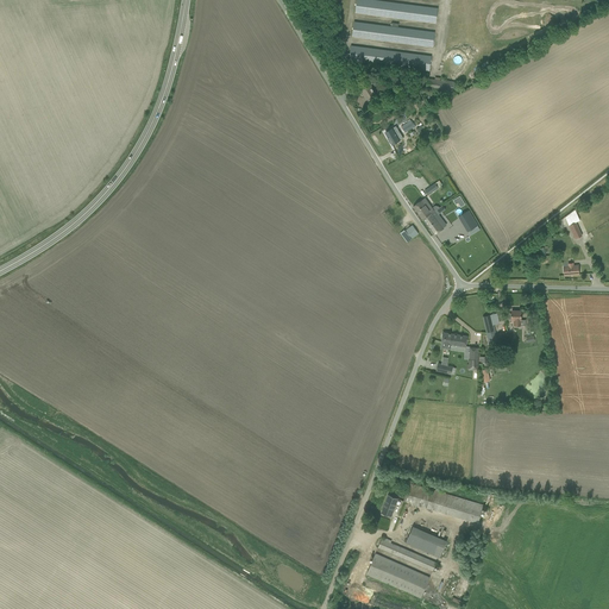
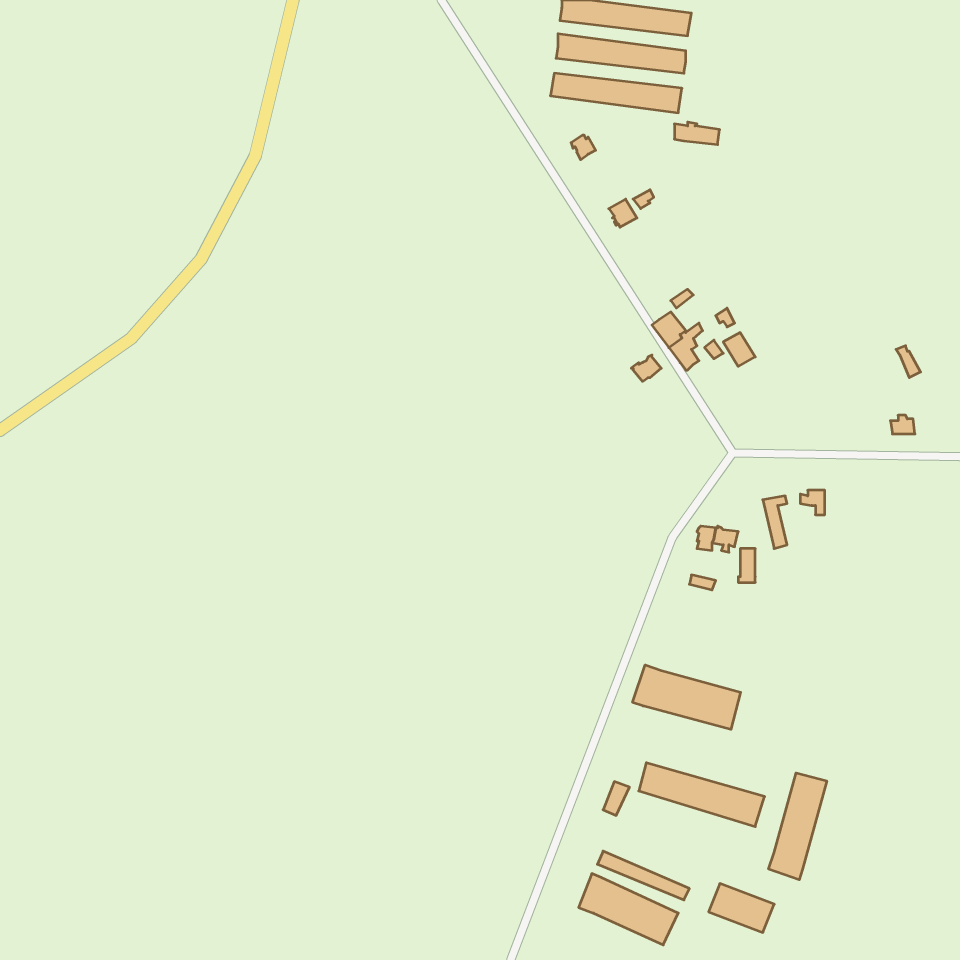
building: none -> [633,665,741,729]
building: none -> [769,773,827,880]
building: [408,527,450,558] -> [709,884,774,932]

